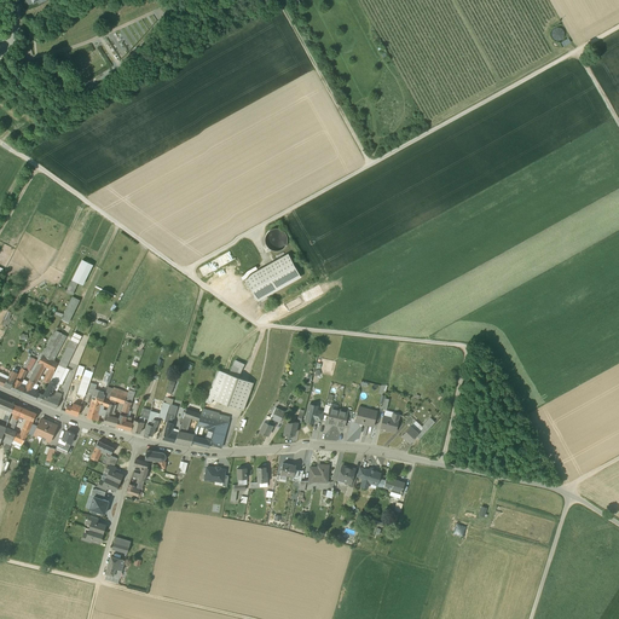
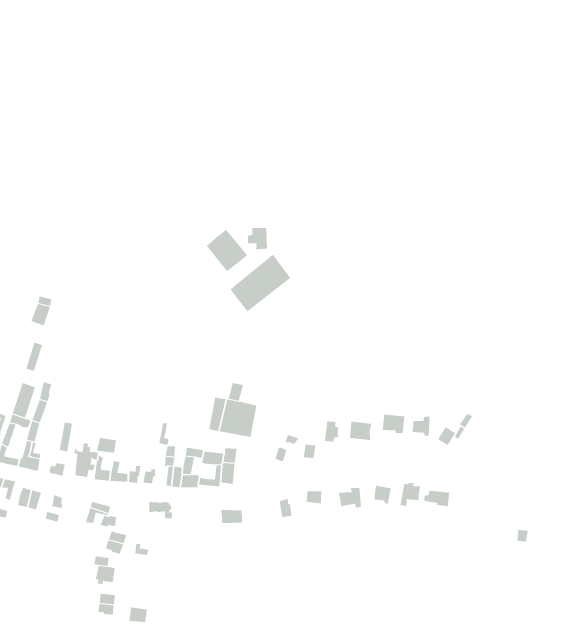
building: none -> [206,229,248,272]

